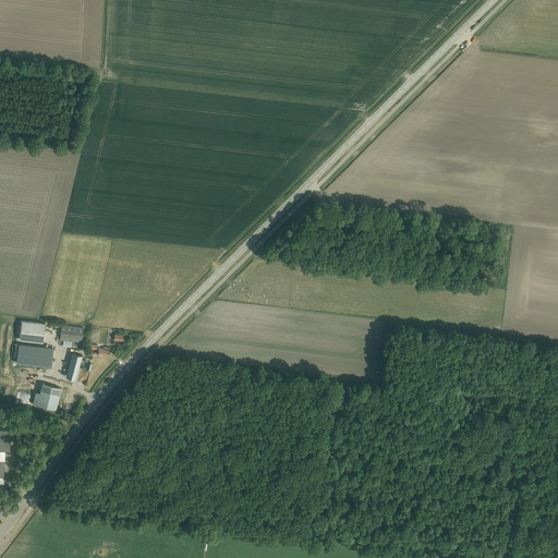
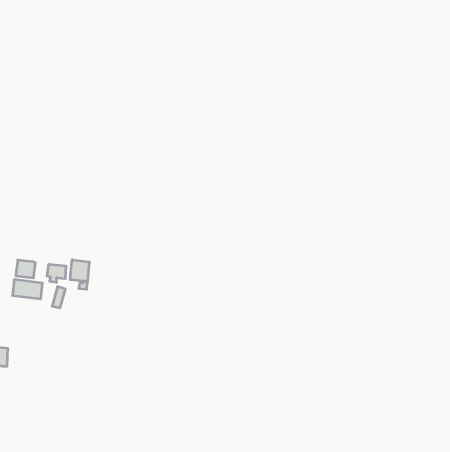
building: none -> [70,260,89,281]
building: [35,383,59,410] -> none

